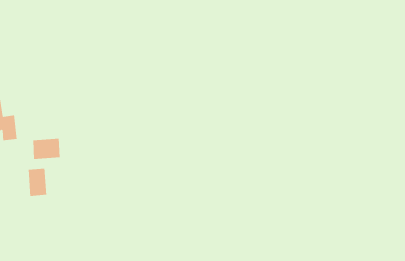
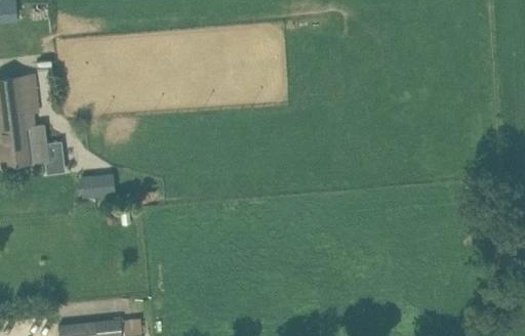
building: [28,168,47,197] -> none

